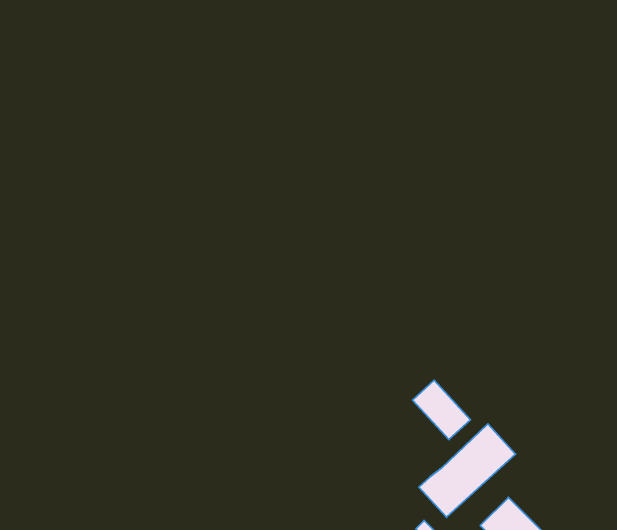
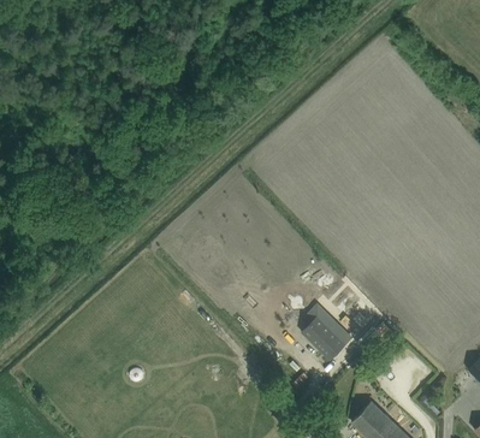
building: [419,424,516,517] -> none

